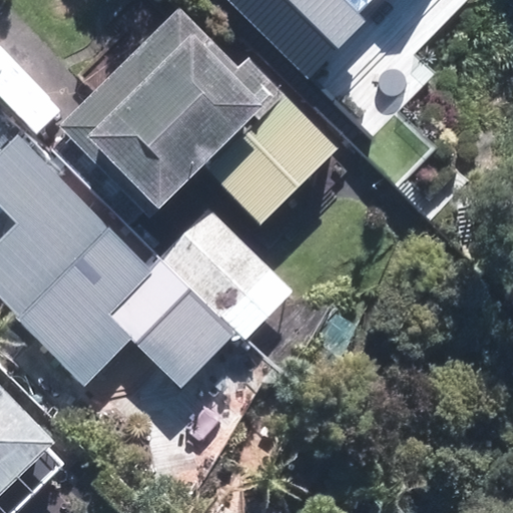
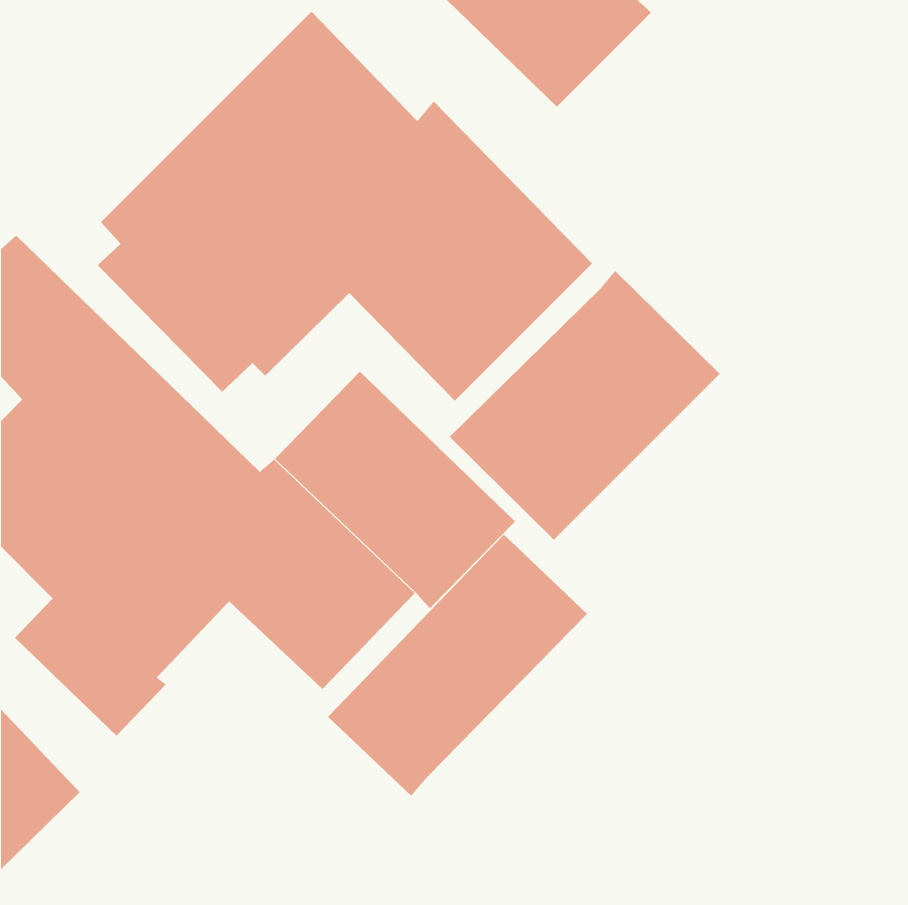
building: none -> [449,270,720,541]
building: none -> [327,534,588,797]

